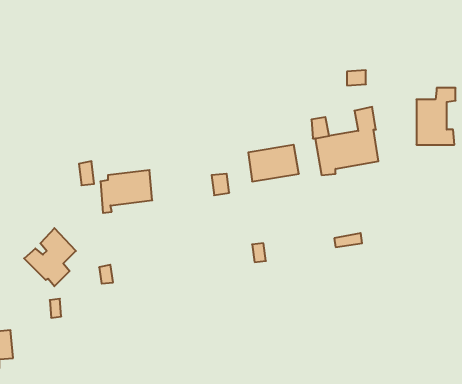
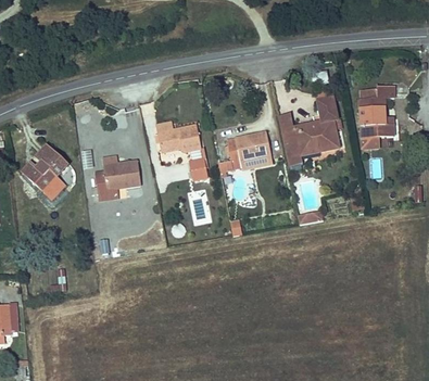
building: none -> [157,123,200,155]
building: [24,228,76,286] -> [22,144,66,194]

